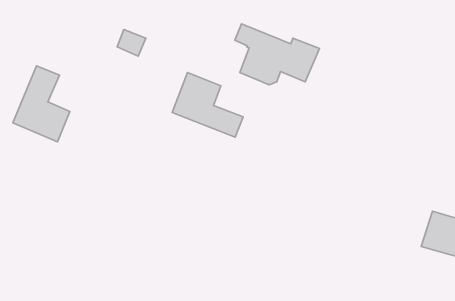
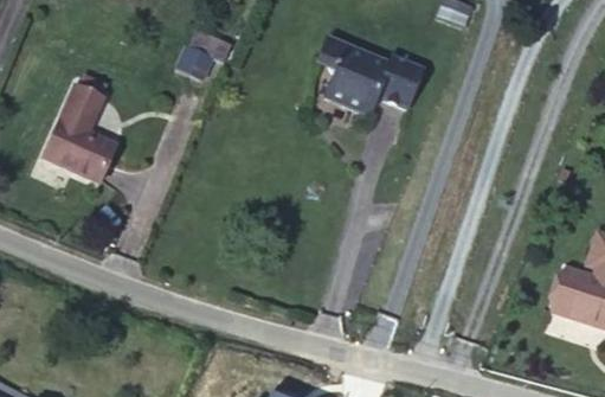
building: [172,73,243,137] -> none

